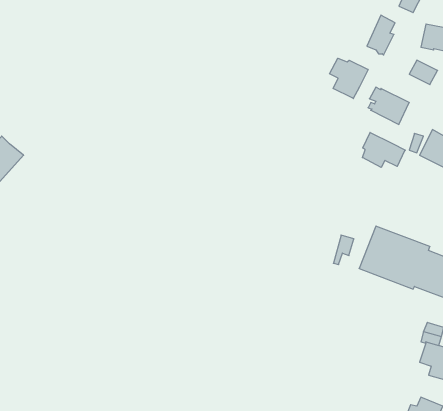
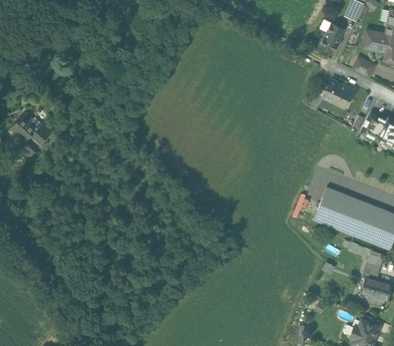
building: [330,58,368,99] -> none
building: [362,132,405,167] -> none

